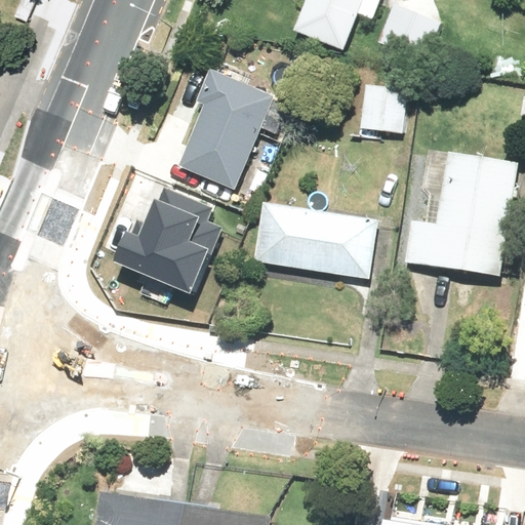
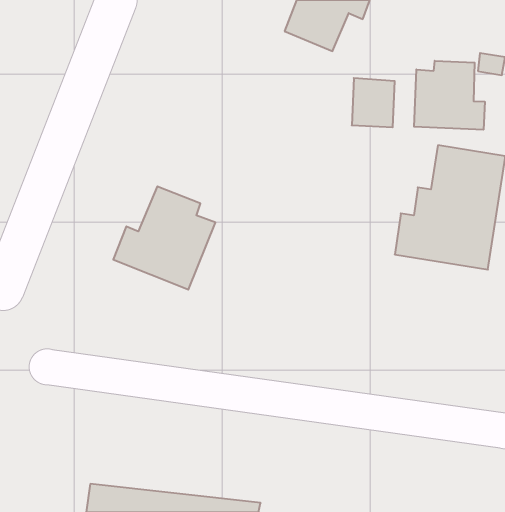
building: none -> [414,61,485,130]
building: [176,66,276,191] -> none
building: [254,202,380,279] -> none

